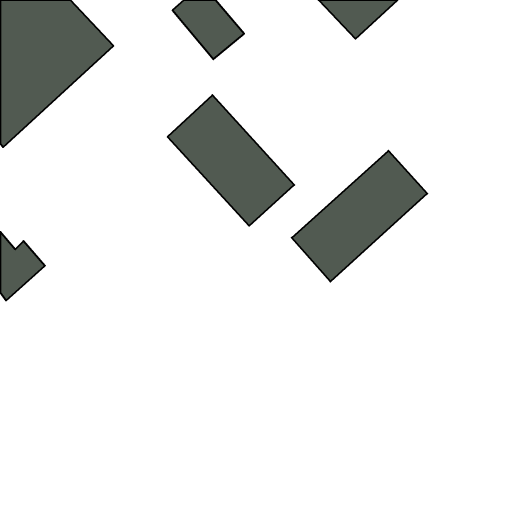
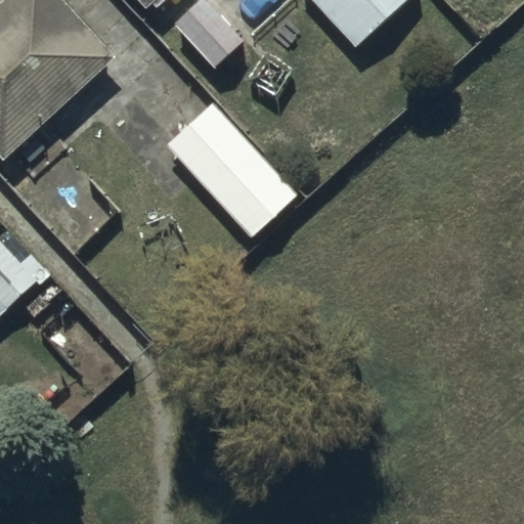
building: [292,151,427,282] -> none

